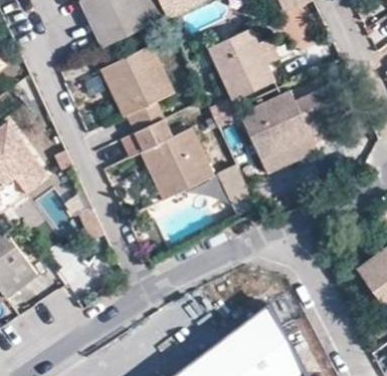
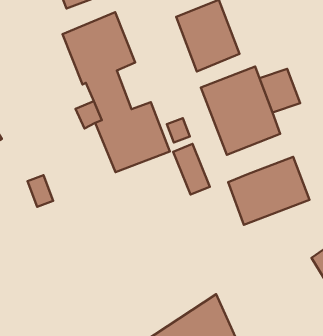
building: none -> [228,157,310,225]

